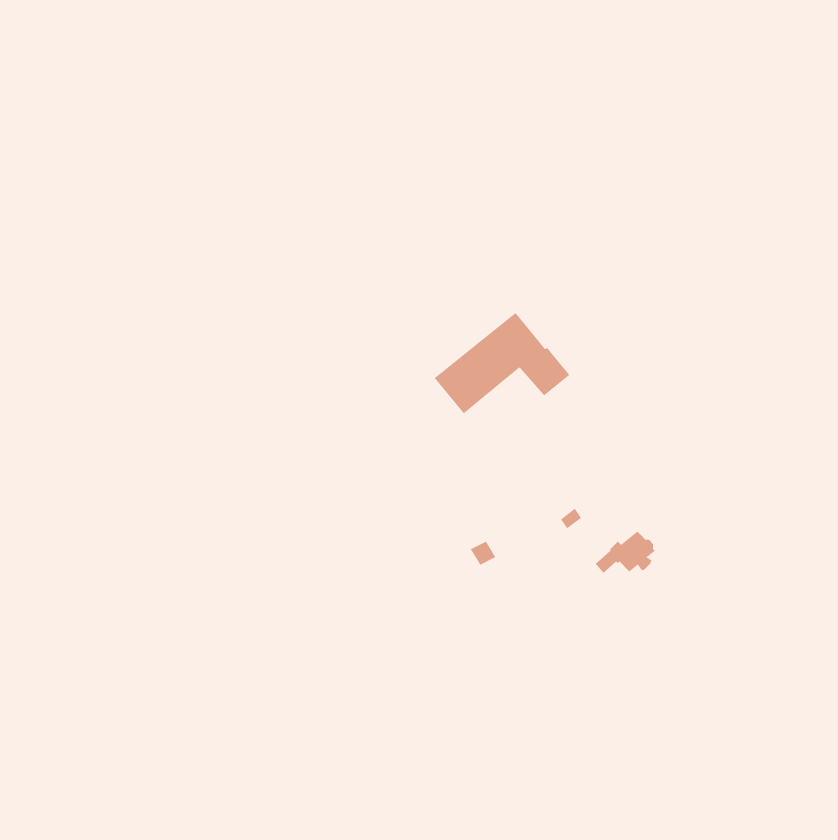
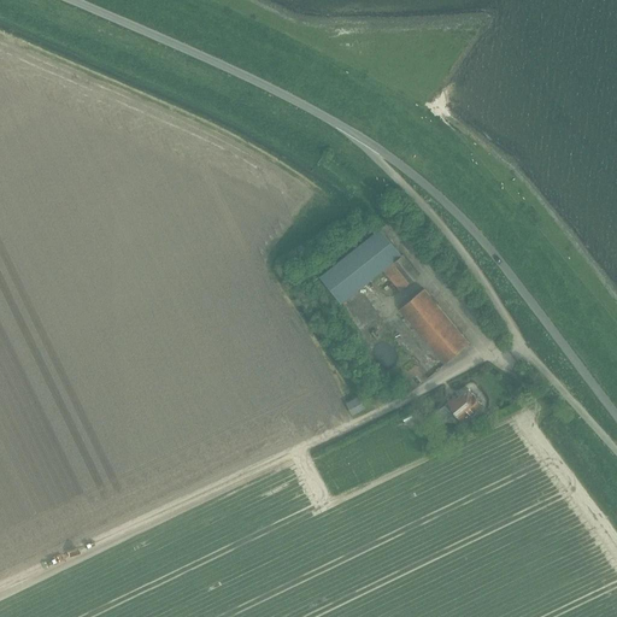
building: none -> [398,288,469,364]

